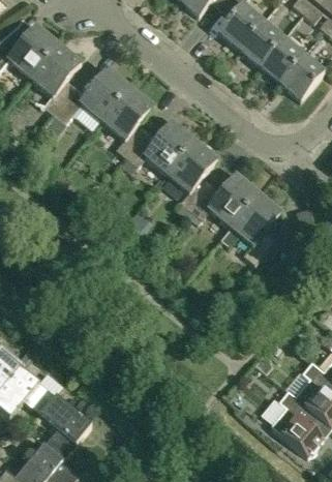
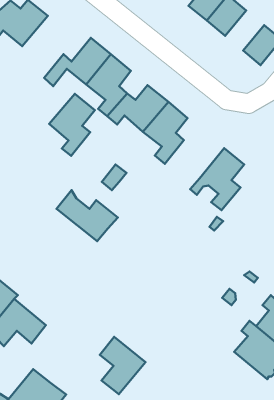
building: [260,37,304,83] -> none
building: [30,43,82,114] -> [49,94,95,156]
building: [191,175,259,228] -> none
building: none -> [57,190,118,241]
building: [40,394,92,459] -> [100,337,145,394]

